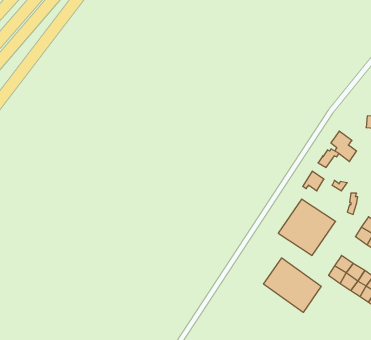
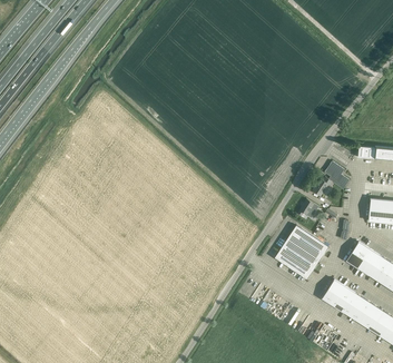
building: [264,258,321,312] -> none

